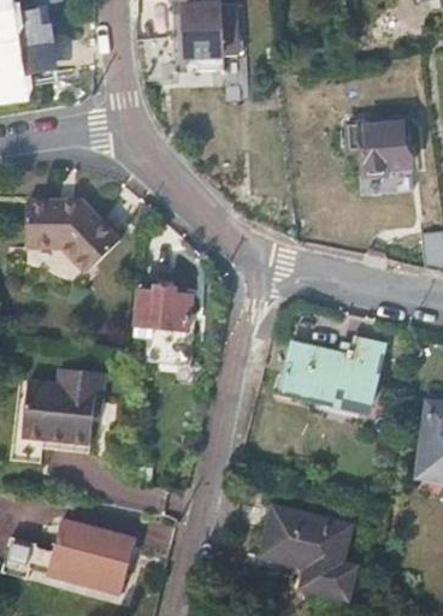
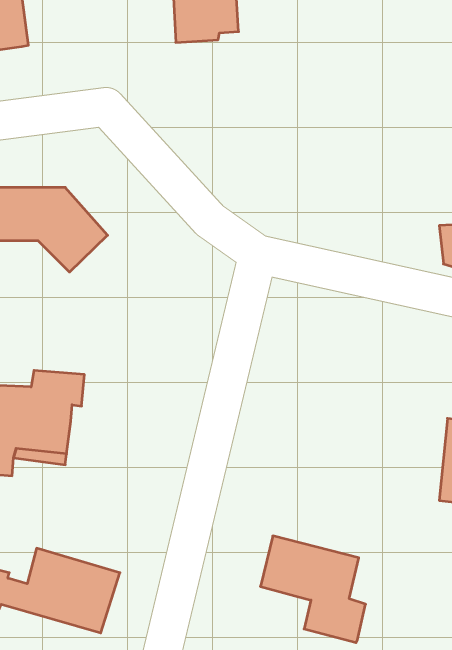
building: [347,112,408,176] -> none
building: [152,285,193,330] -> none
building: [278,340,379,409] -> none

